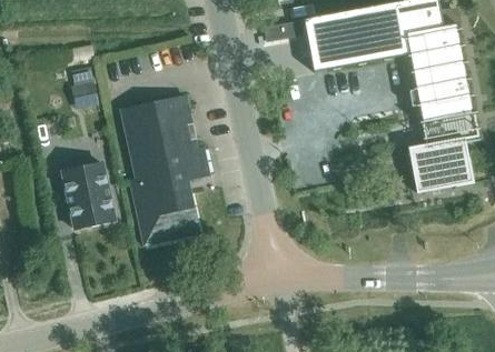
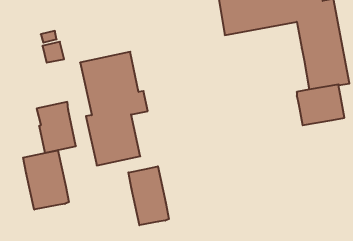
building: none -> [23,150,69,210]
building: none -> [128,166,169,225]

